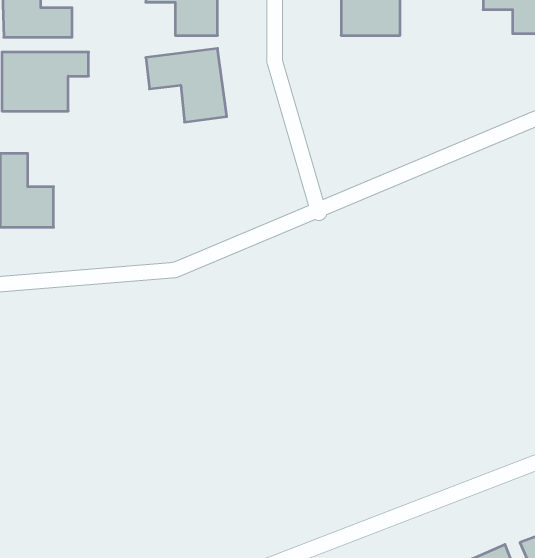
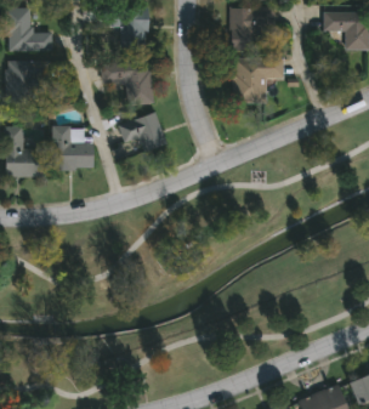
building: none -> [233,58,284,103]
building: none -> [118,114,166,150]
building: none -> [53,127,95,169]

